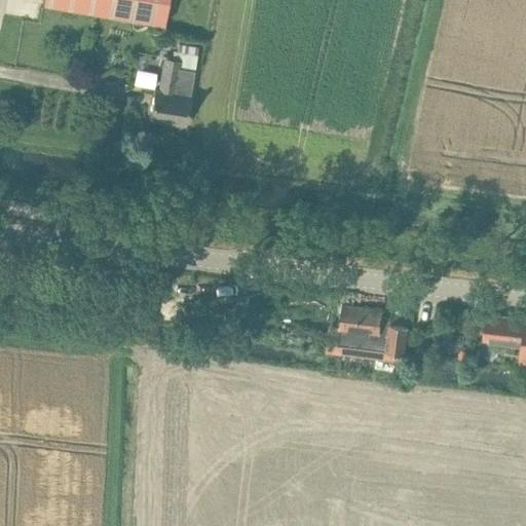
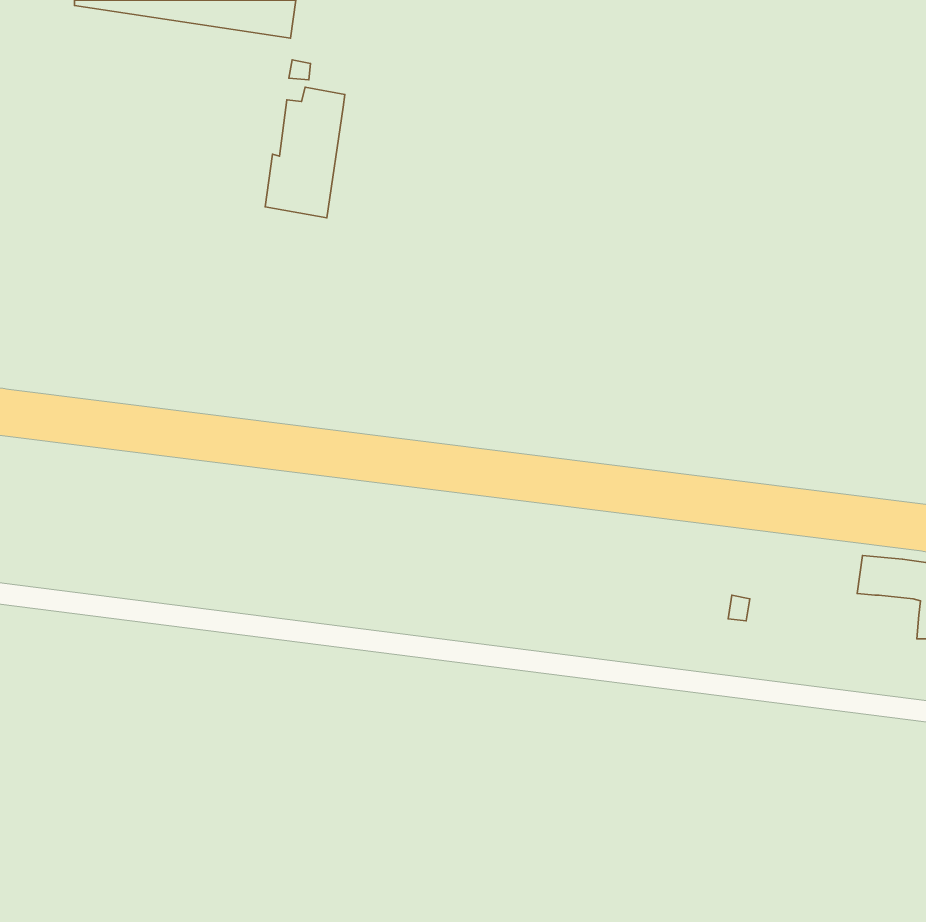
building: [338,305,409,354] -> none

